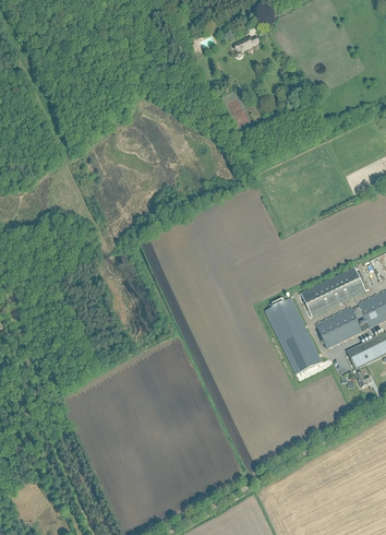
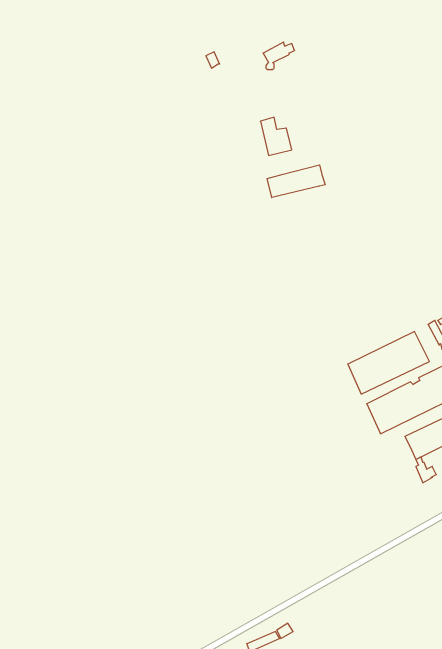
building: none -> [267,165,325,198]
building: [265,298,321,374] -> none

